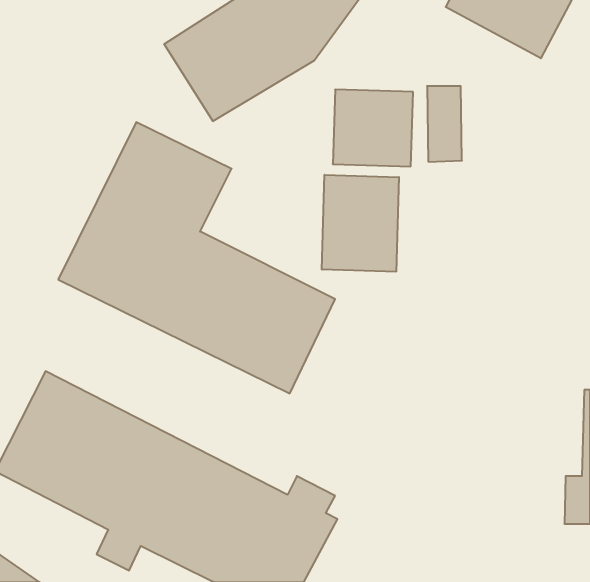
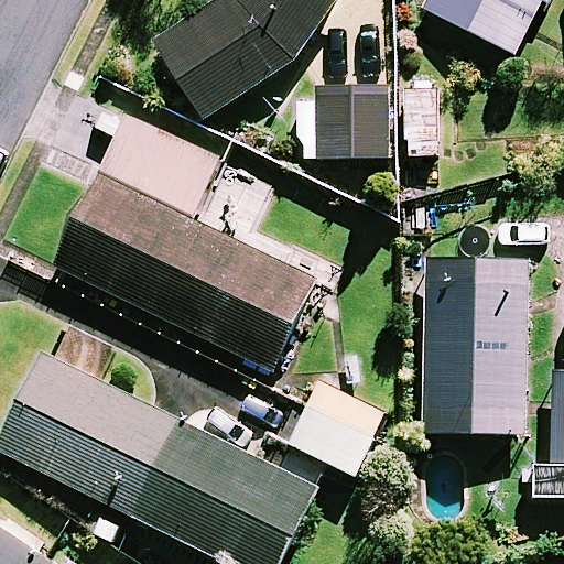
building: [322,175,399,272] -> none
building: none -> [421,254,528,435]
building: none -> [289,381,384,475]

